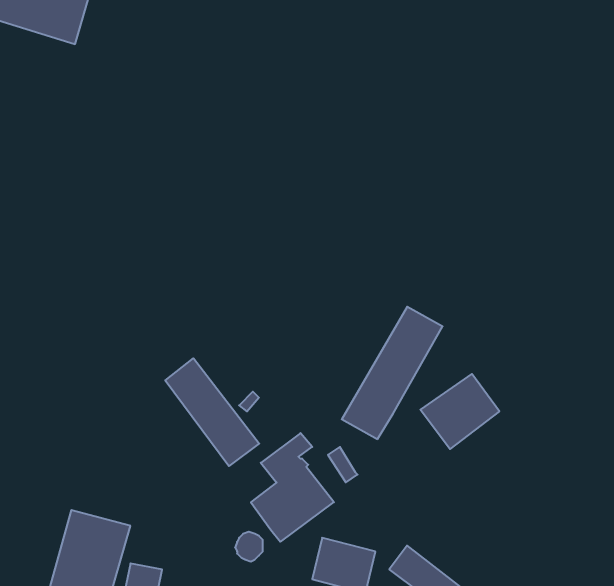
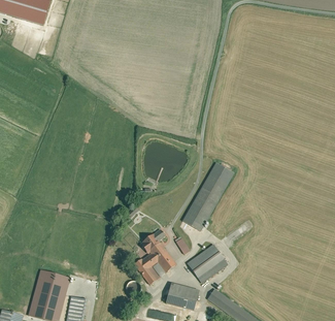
building: [165,358,259,466] -> none
building: [420,374,499,449] -> [187,244,228,283]

